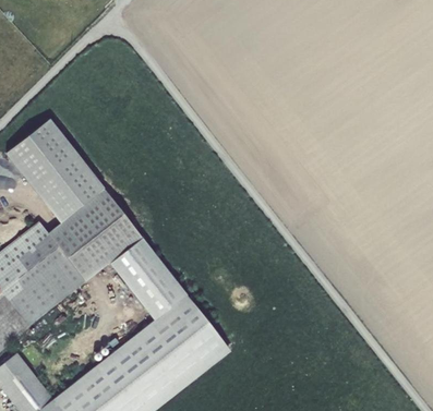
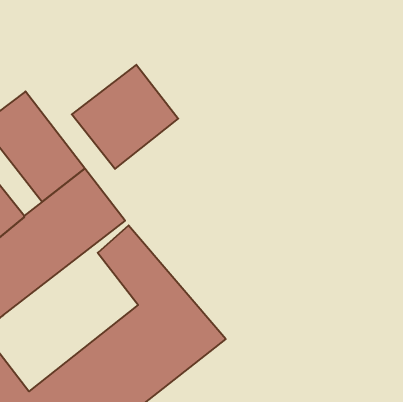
building: none -> [72,65,178,169]

